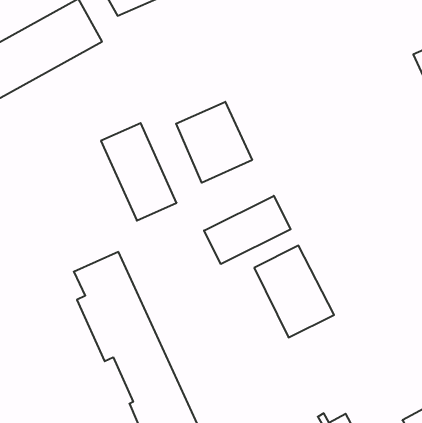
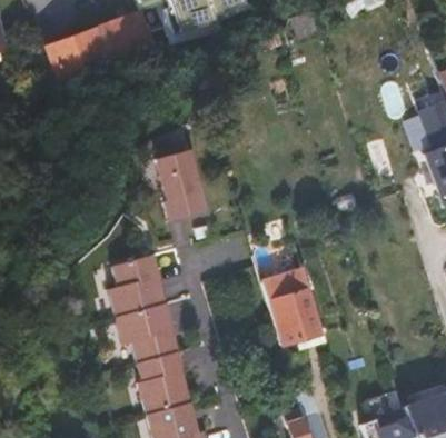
building: [176,102,252,183] -> none
building: [204,196,291,264] -> none

